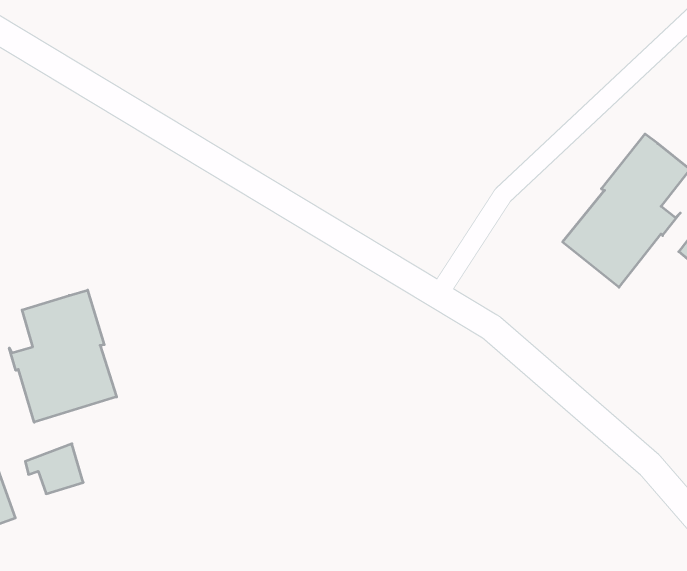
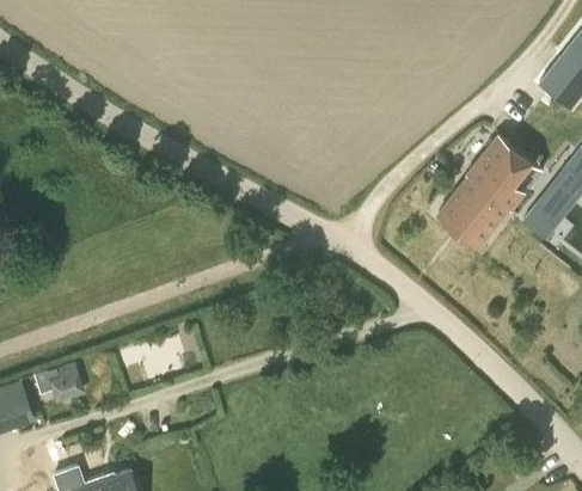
building: [9,290,117,422] -> none

